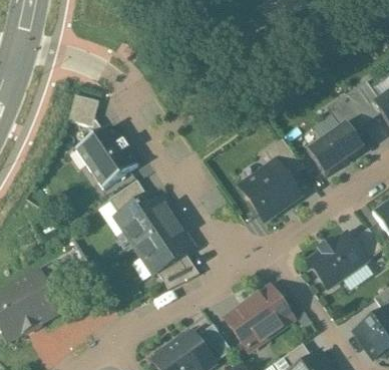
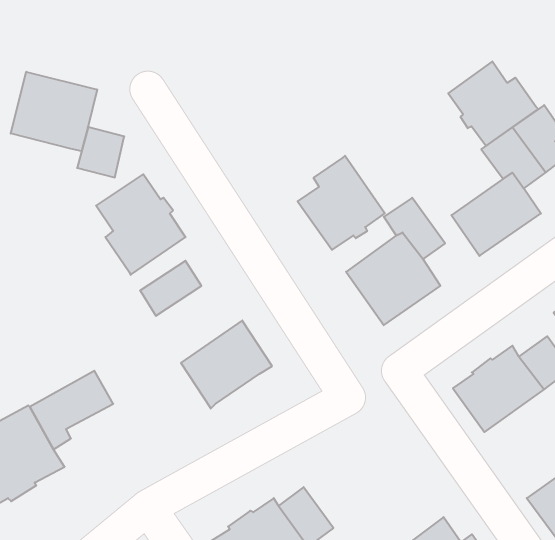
building: none -> [448,61,538,146]
building: none -> [11,72,97,151]
building: none -> [298,156,385,250]
building: [114,191,172,245] -> none
building: [155,252,198,288] -> none
building: [224,286,293,351] -> none

